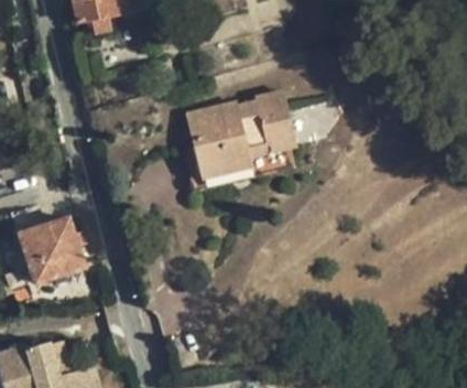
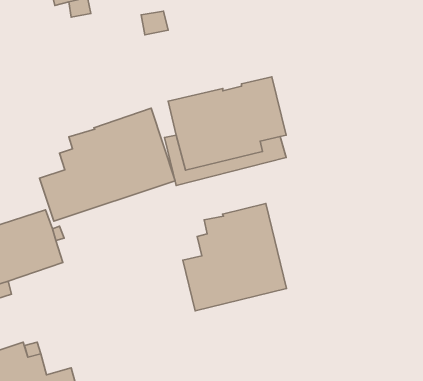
building: none -> [40,108,175,221]
building: none -> [183,203,287,311]

